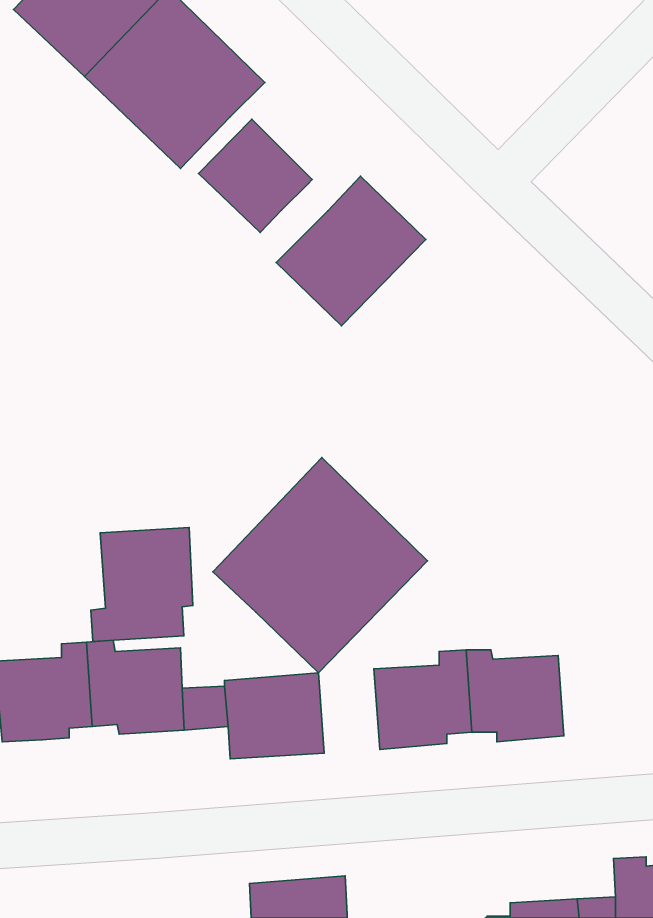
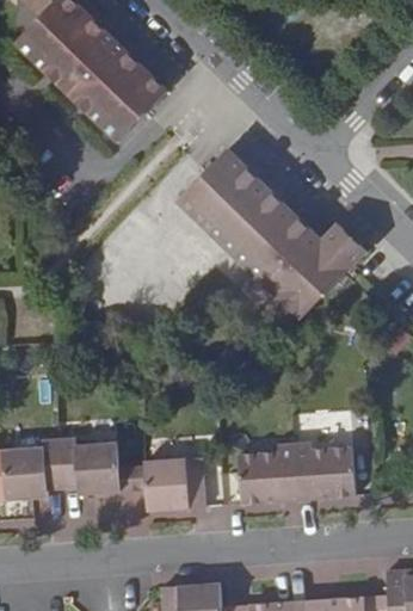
building: [198,119,312,232] -> none
building: none -> [216,187,365,320]
building: [213,458,428,673] -> none
building: [91,527,193,641] -> none

